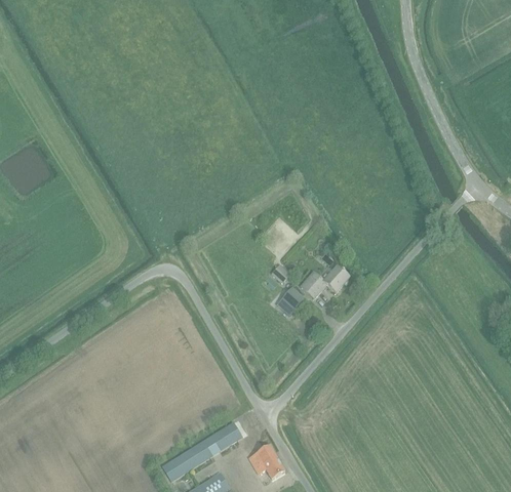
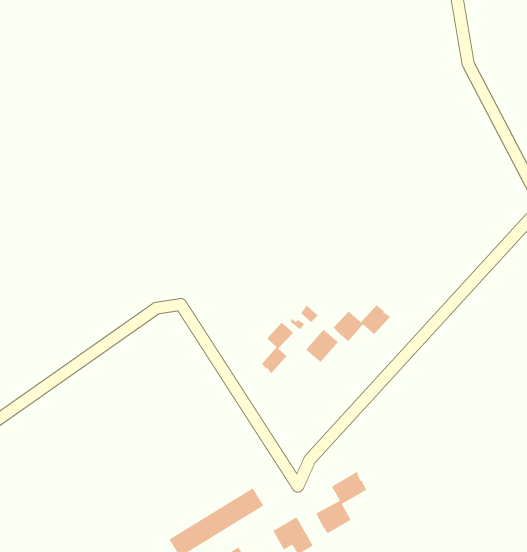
building: none -> [261,322,294,374]
building: none -> [315,471,367,534]

